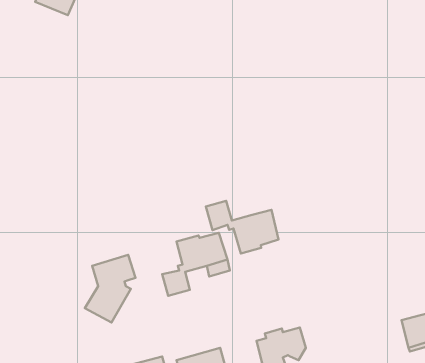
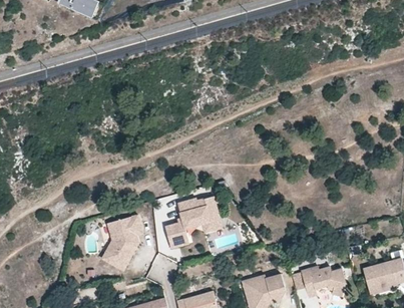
building: [206,201,279,254] -> none
building: none -> [299,266,343,297]

